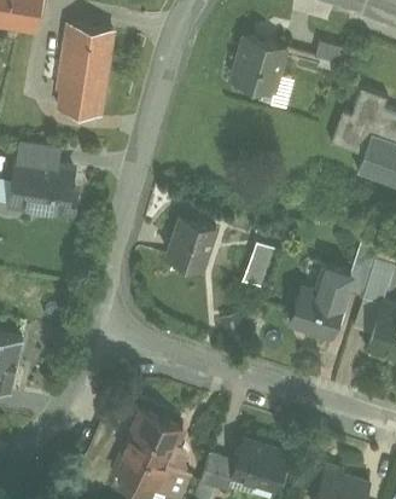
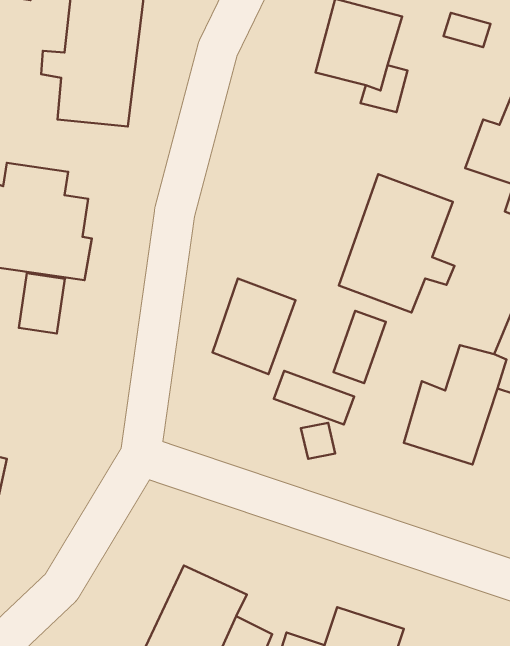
building: none -> [339,174,454,313]
building: none -> [19,273,65,334]
building: none -> [274,371,354,425]

